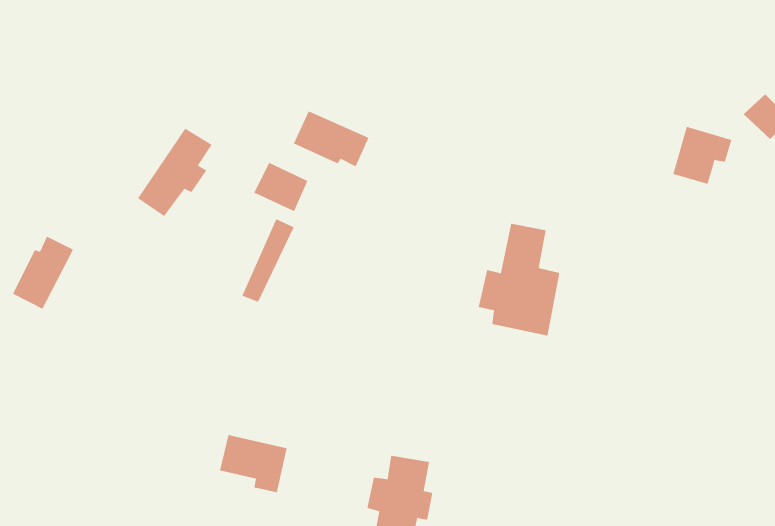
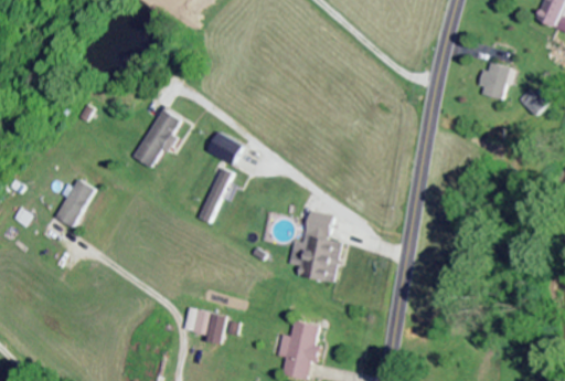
building: [293,110,369,167] -> none
building: [672,126,732,184] -> [482,63,521,100]
building: [478,223,560,336] -> [290,210,343,283]

